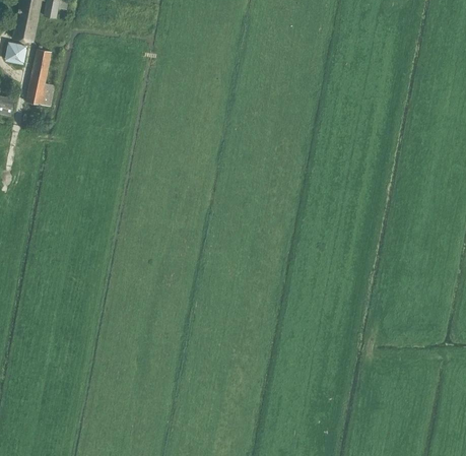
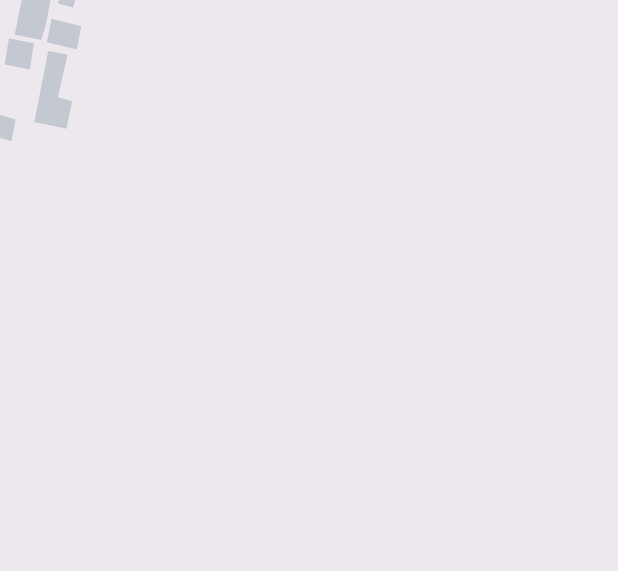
building: none -> [46,18,82,50]

